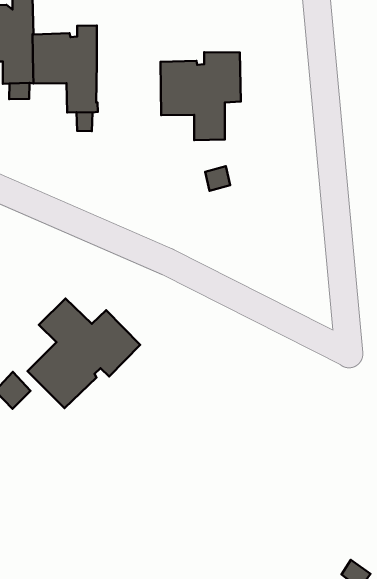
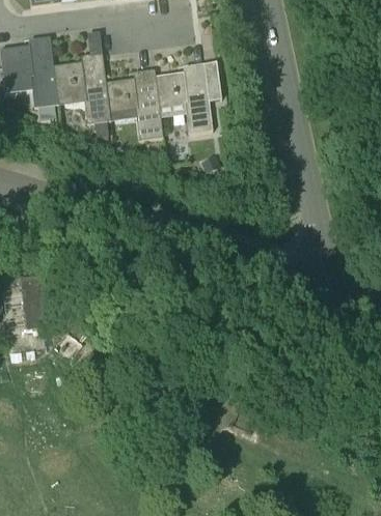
building: none -> [105,68,162,140]
building: [28,298,140,408] -> none

